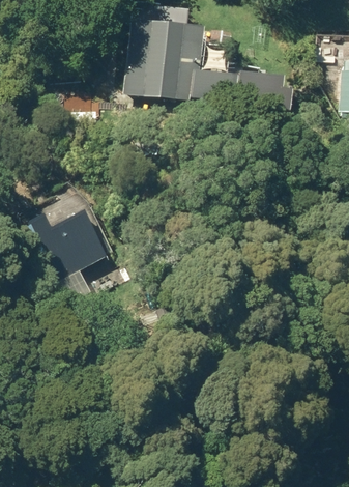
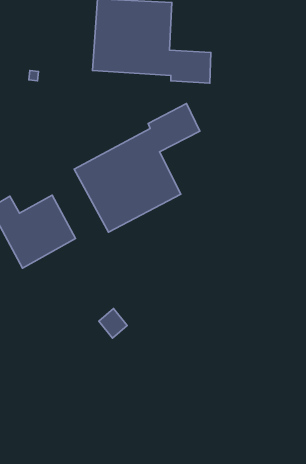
building: none -> [74,104,200,232]

